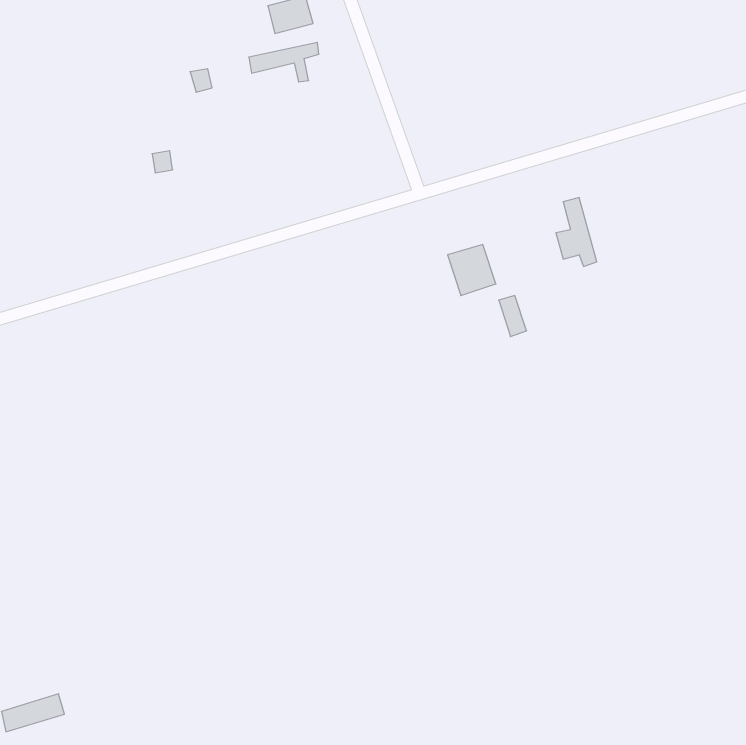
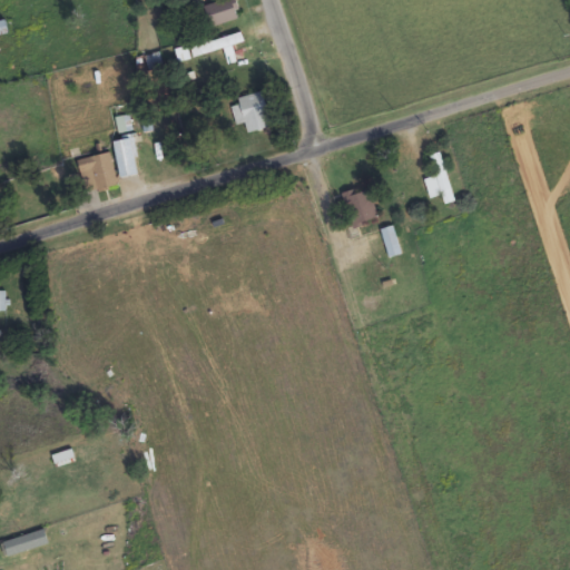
building: none -> [236,91,271,131]
building: none -> [111,137,139,177]
building: none -> [76,150,118,193]

